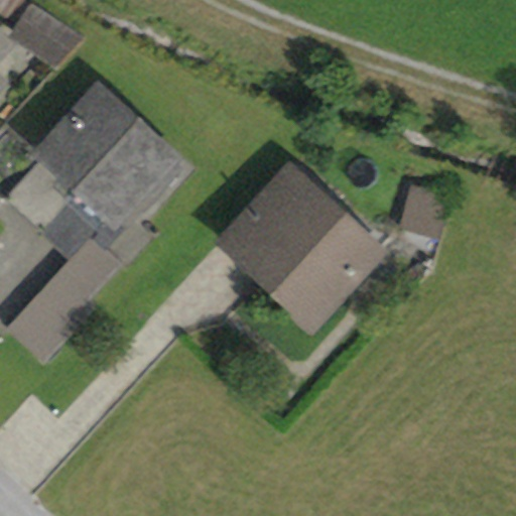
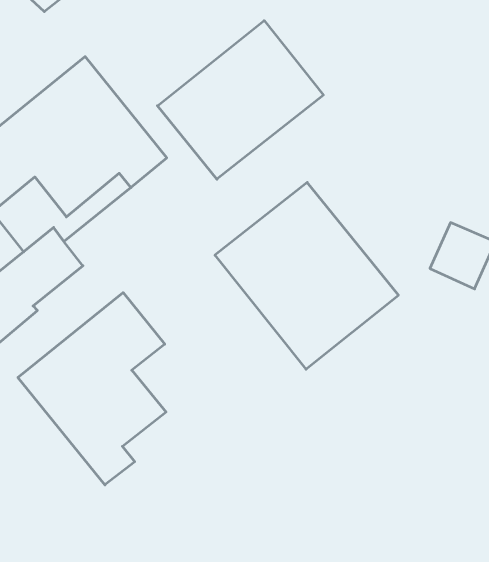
building: none -> [157,21,323,179]
building: none -> [18,293,166,485]

